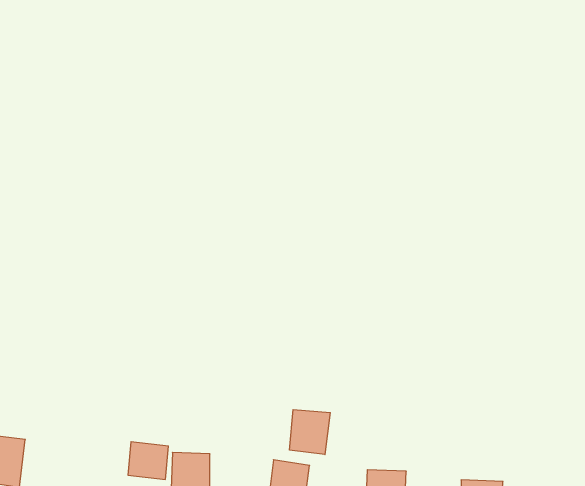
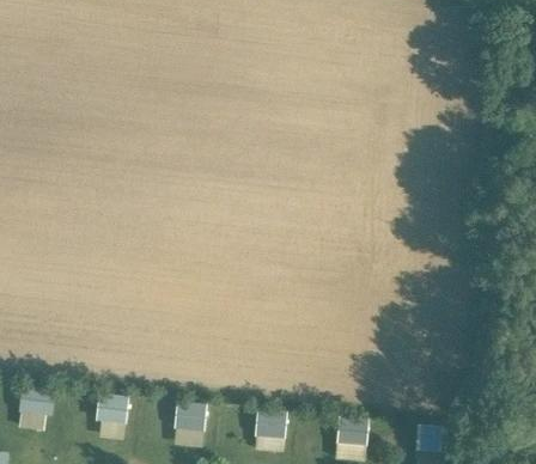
building: [290,410,330,455] -> none
building: [128,442,168,479] -> [96,393,129,425]

